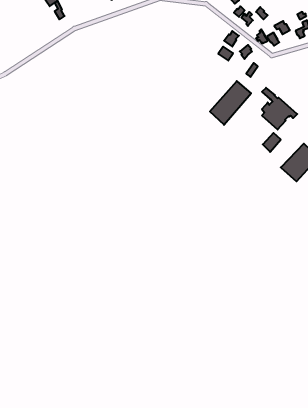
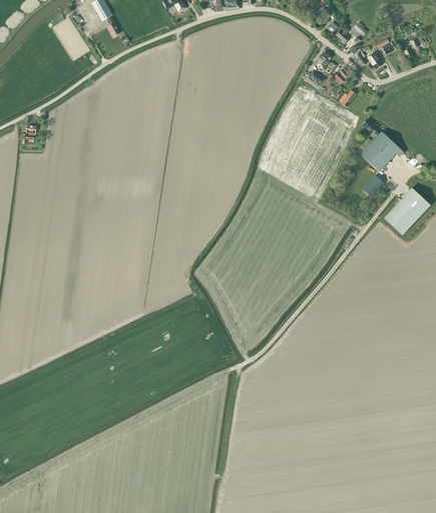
building: [210,81,251,125] -> none

